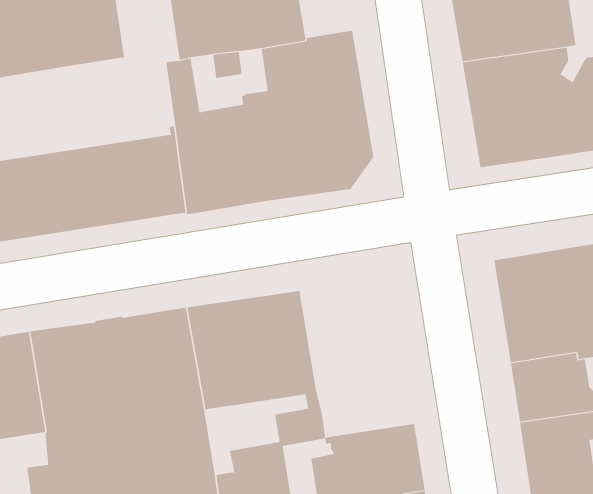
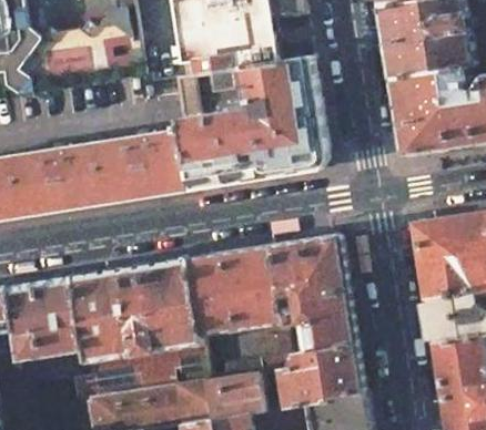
building: none -> [269,235,353,352]

